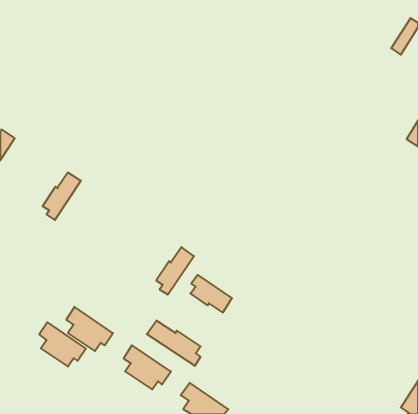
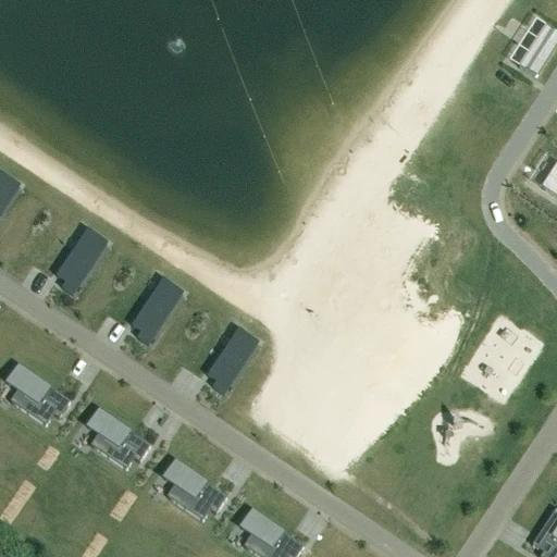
building: none -> [133,280,183,343]
building: [190,275,232,313] -> none
building: [147,320,201,366] -> none
building: [39,322,86,367] -> [8,364,70,423]

